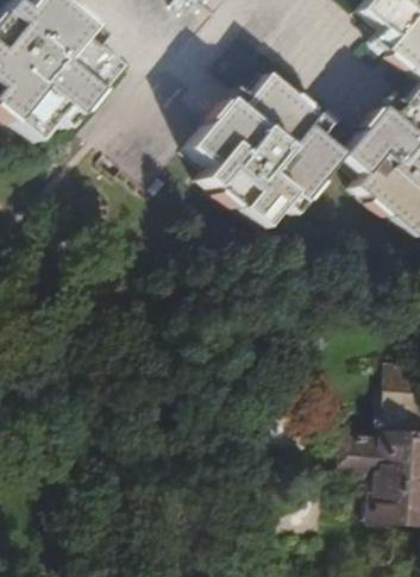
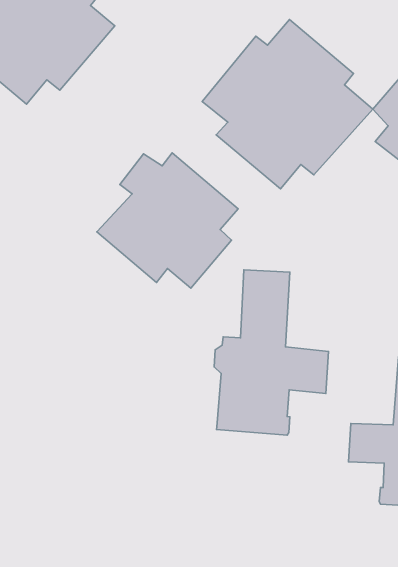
building: none -> [97,153,238,288]
building: none -> [214,270,329,435]

